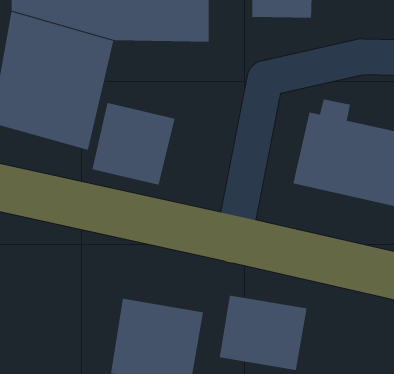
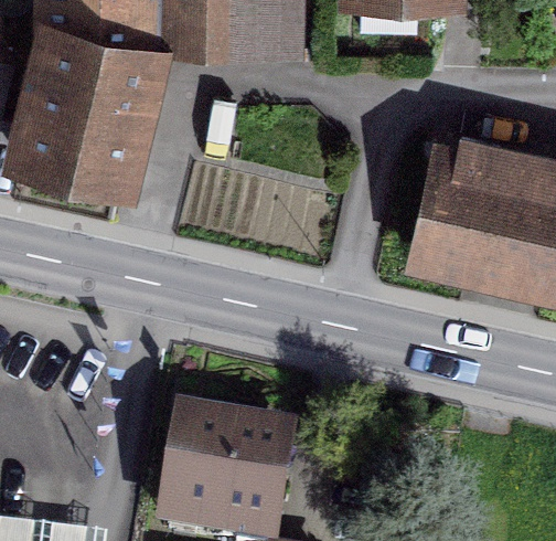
building: [92,102,175,186] -> none
building: [219,295,307,371] -> none

